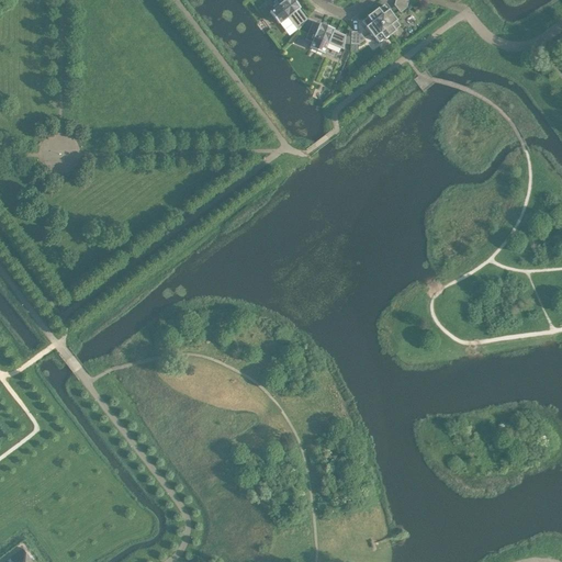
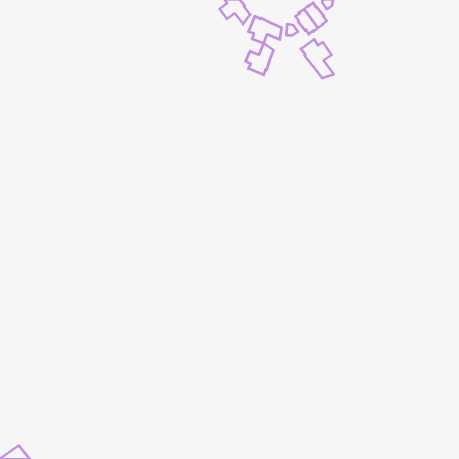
building: none -> [301,39,334,78]
building: none -> [246,43,273,75]

